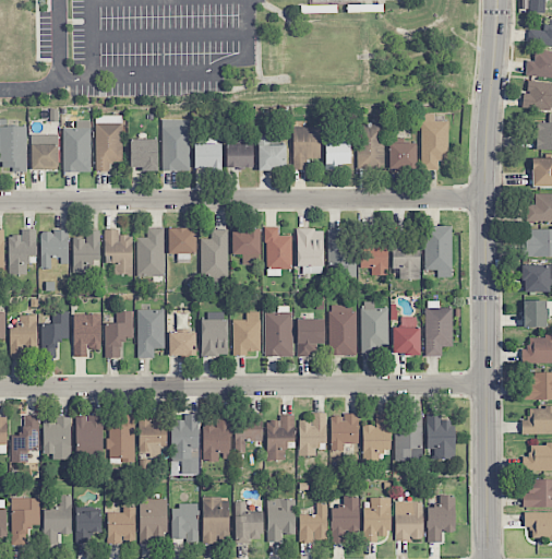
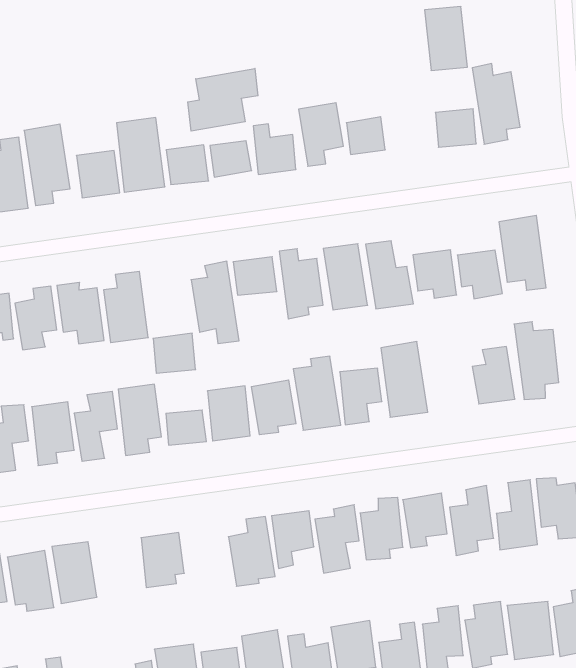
building: none -> [188,68,258,131]
building: [357,124,384,169] -> [425,7,467,70]
building: [167,228,196,254] -> [153,333,196,373]
building: [361,301,387,357] -> none
building: [170,414,199,475] -> none
building: [107,415,135,463] -> none

